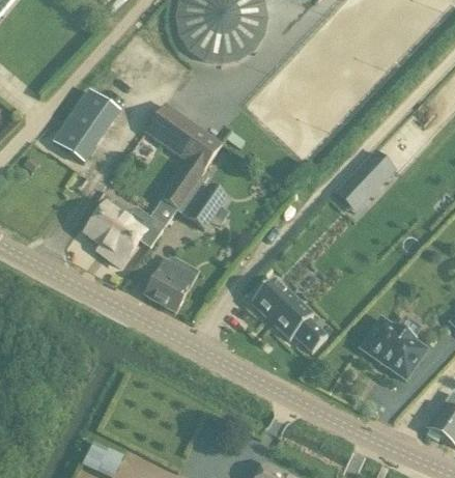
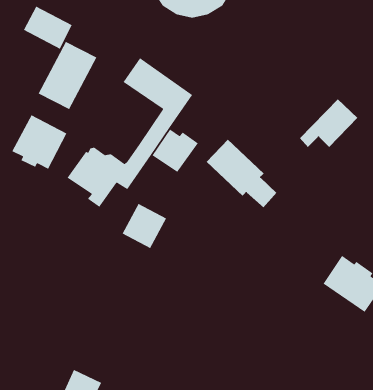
building: none -> [23,5,73,50]
building: none -> [11,114,67,170]
building: [250,278,326,353] -> [206,139,277,208]

